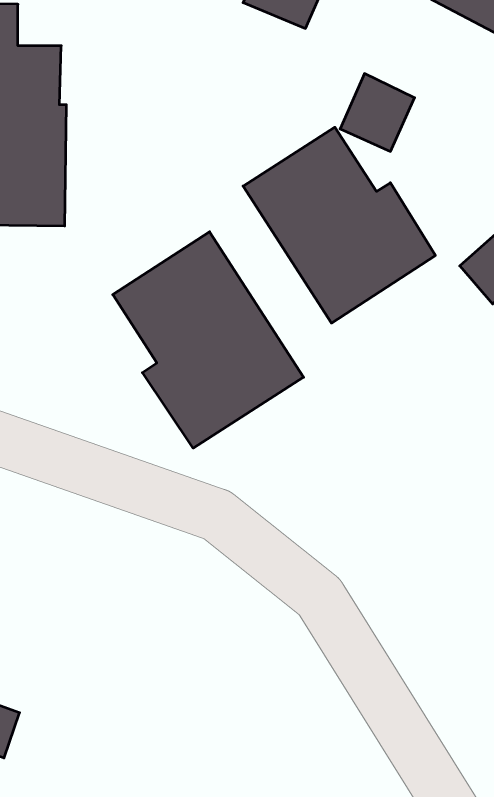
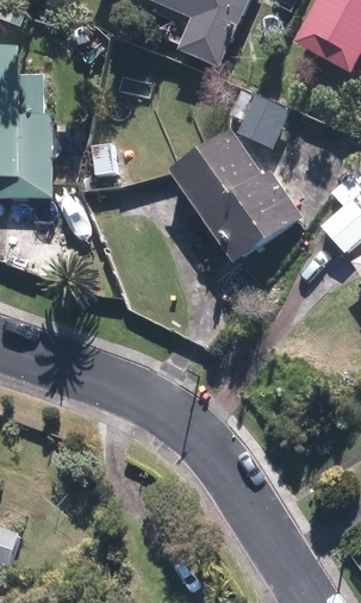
building: [113,232,304,448] -> none

